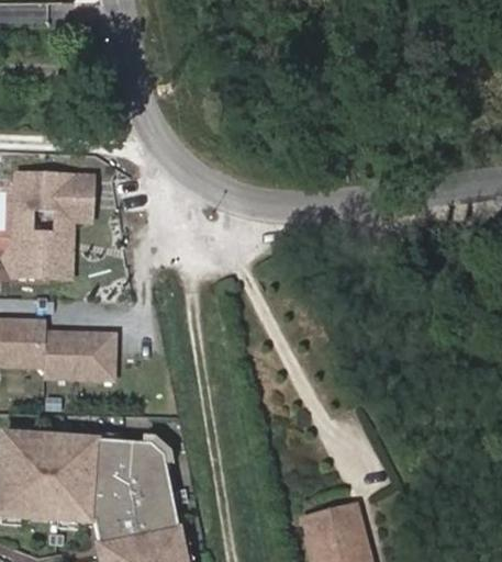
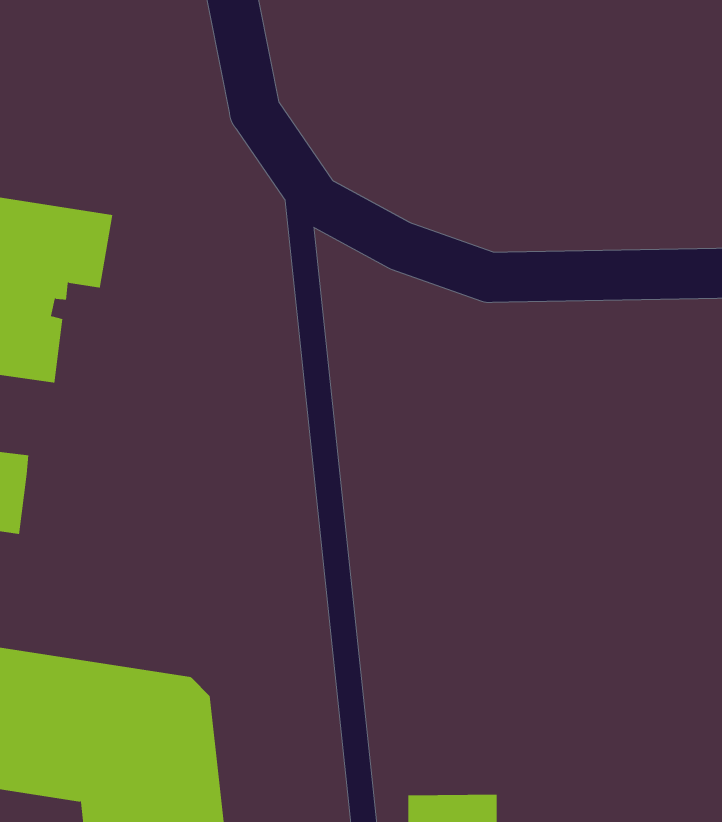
building: [46,333,118,382] -> none

